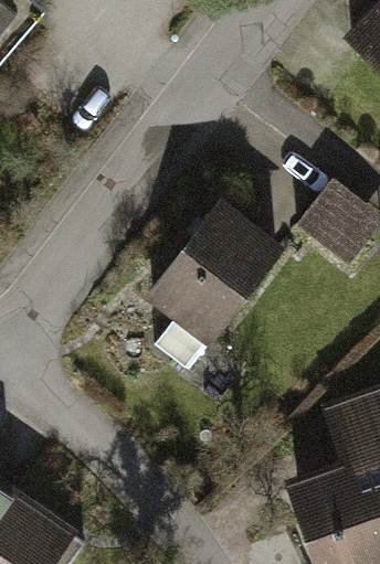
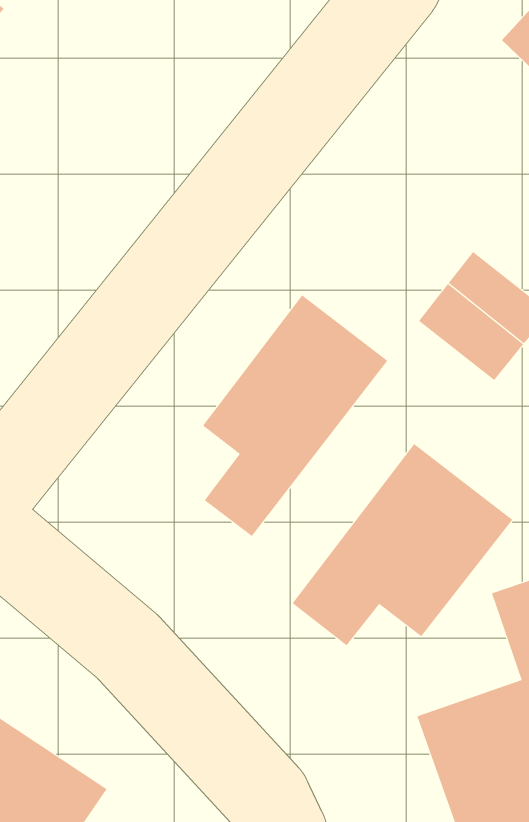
building: none -> [292,443,513,646]

